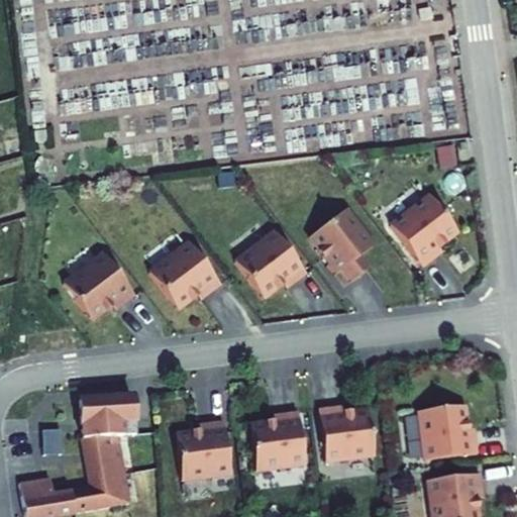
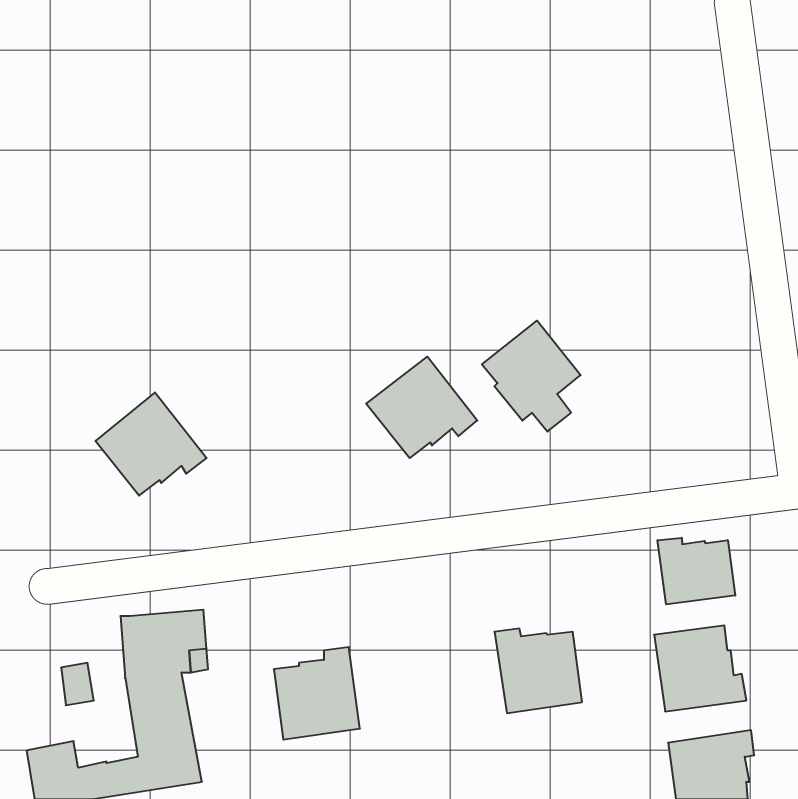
building: [393,191,459,264] -> none
building: [149,242,221,308] -> none
building: none -> [658,538,735,604]
building: [250,408,306,469] -> none

